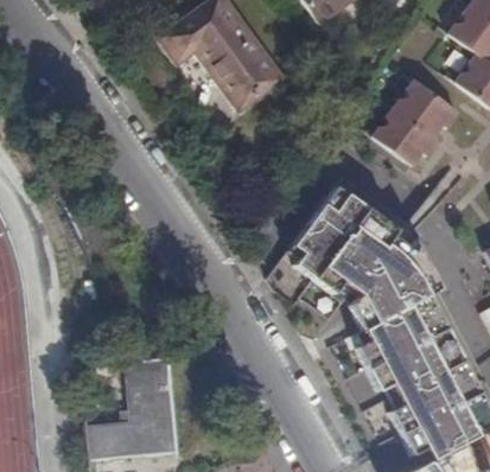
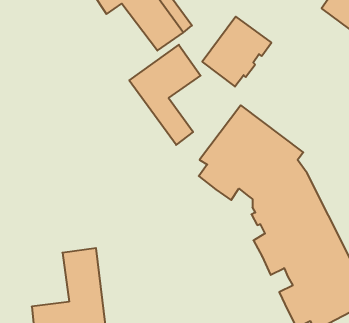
building: [373,78,458,165] -> [202,17,271,87]
building: none -> [129,45,201,145]

